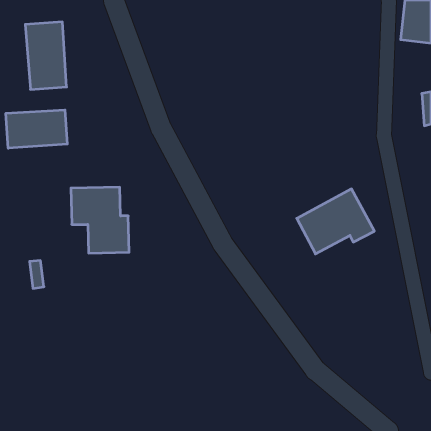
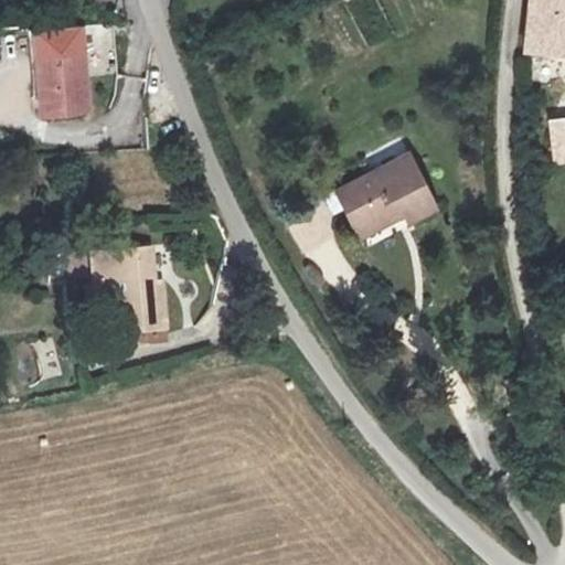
building: [6,110,67,148] -> none
building: [297,189,374,254] -> [338,153,439,238]

